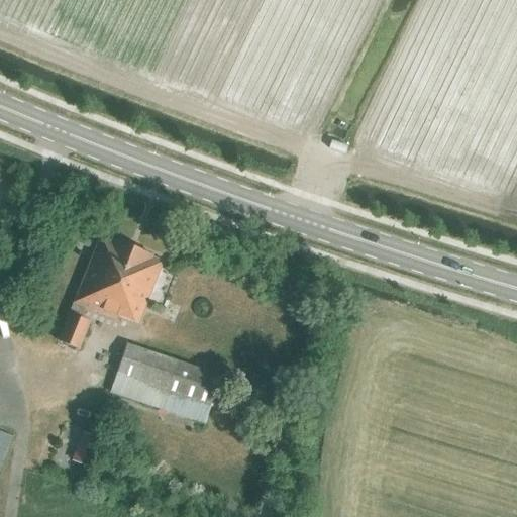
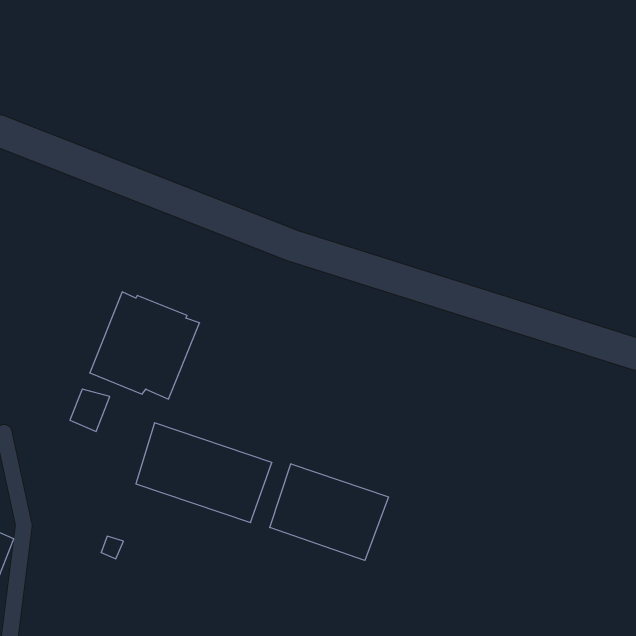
building: none -> [270,464,388,560]

